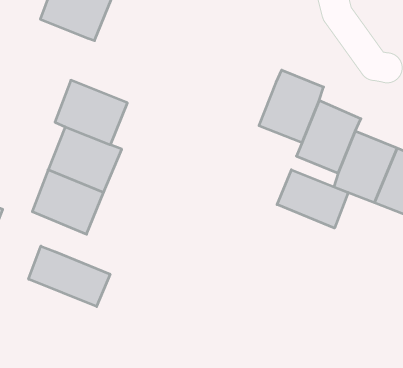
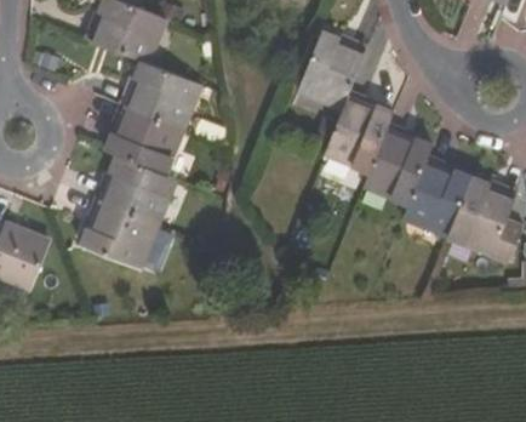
building: none -> [297,29,366,107]
building: none -> [122,59,201,129]
building: [277,170,348,228] -> none
building: [29,246,110,307] -> none

